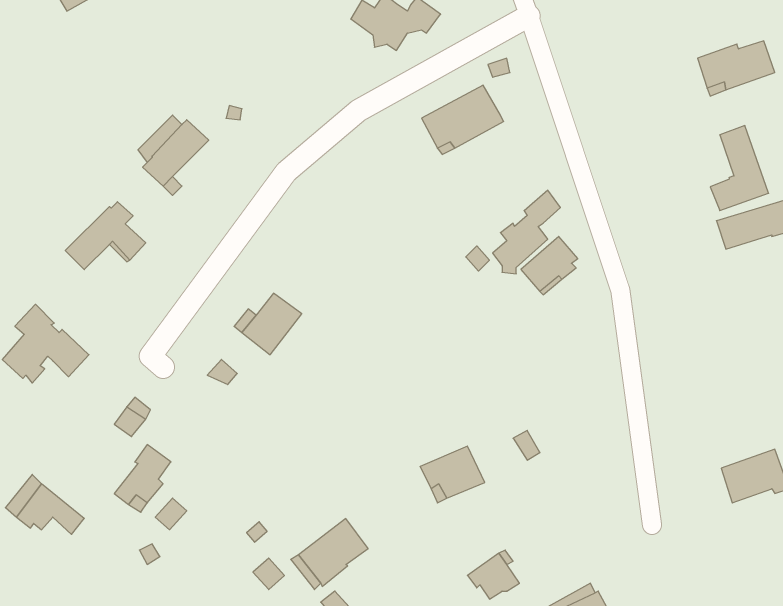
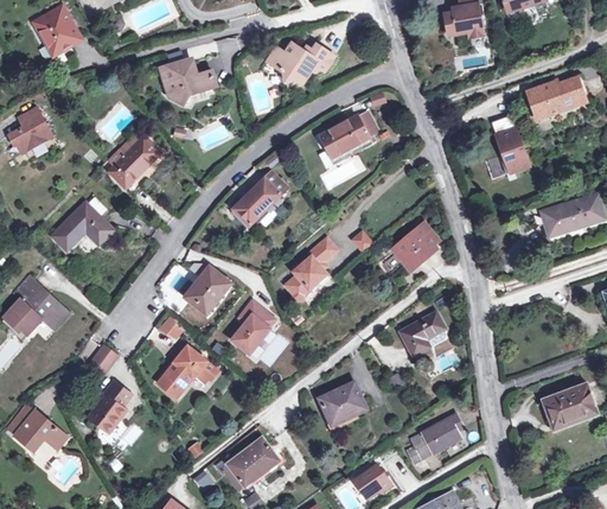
building: none -> [161,63,216,103]
building: none -> [11,107,52,153]
building: [710,126,769,211] -> [485,115,529,179]
building: none -> [231,171,286,225]
building: [493,190,560,274] -> [285,237,336,300]
building: none -> [231,300,274,354]
building: none -> [400,312,446,355]
building: none -> [156,345,216,397]
building: none -> [405,414,461,463]

